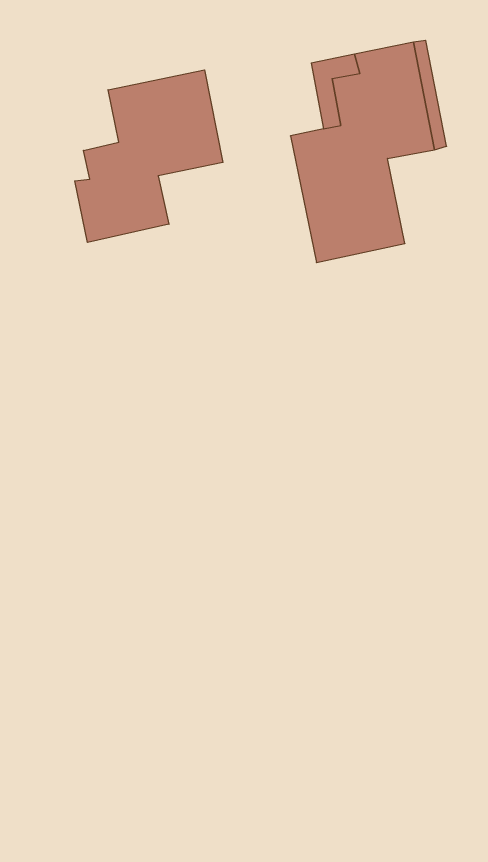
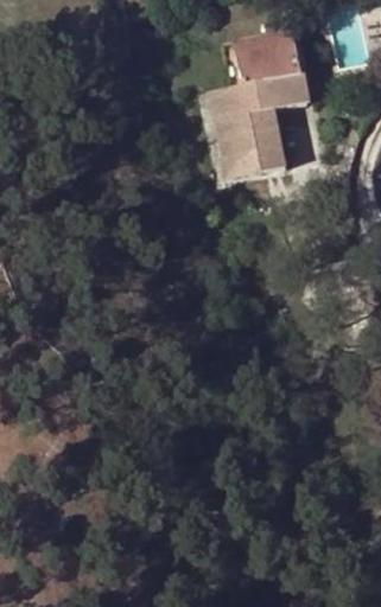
building: [75,70,223,242] -> none

